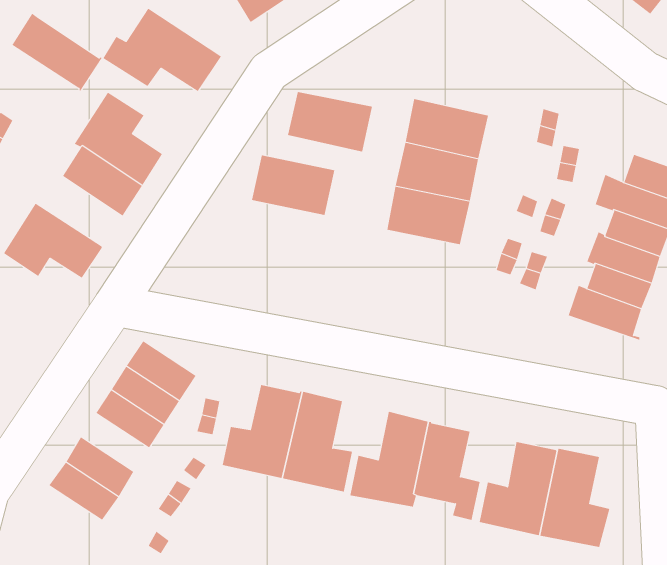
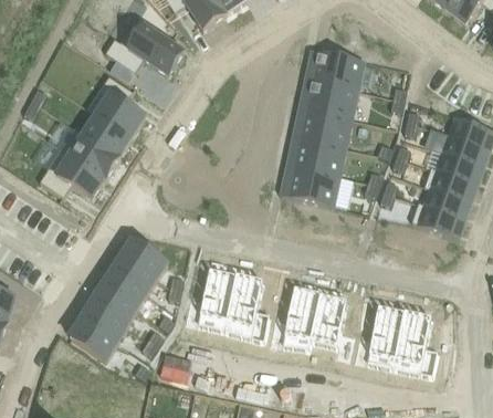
building: [12,13,102,92] -> [61,128,120,180]
building: [287,91,373,152] -> [310,52,366,92]
building: [251,155,335,215] -> [285,167,340,207]
building: none -> [91,288,136,326]

